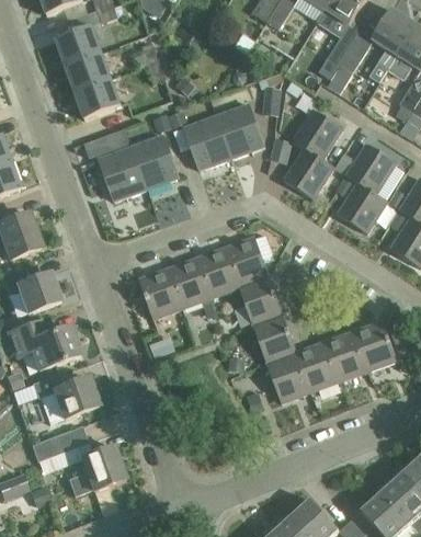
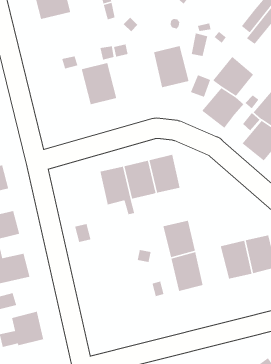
building: [75,79,121,119] -> none
building: [183,115,231,170] -> none
building: [99,146,147,201] -> none
building: [138,267,182,319] -> none
building: [238,276,283,324] -> none
building: [296,341,340,391] -> none

